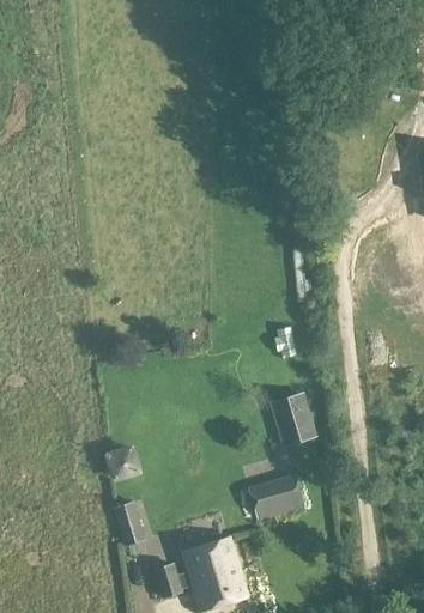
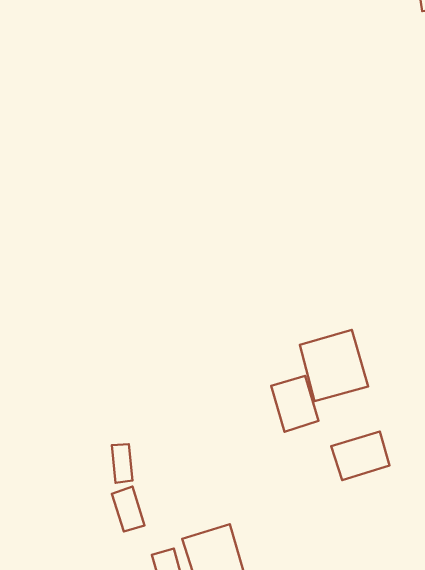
building: none -> [300,330,368,401]
building: [249,472,307,520] -> [331,432,390,480]

